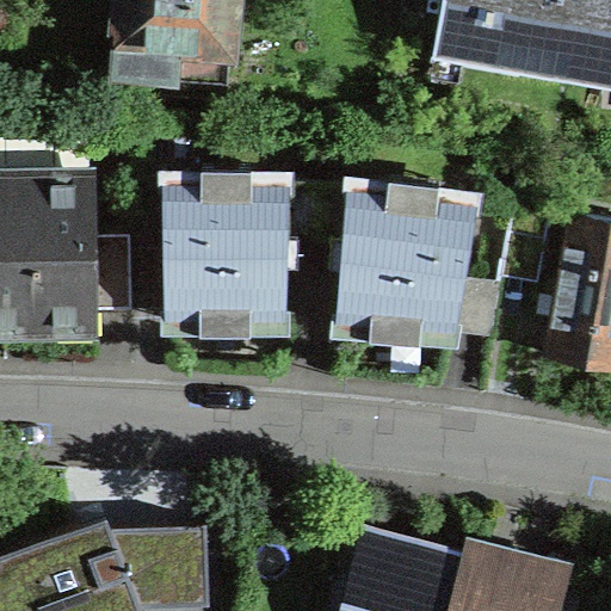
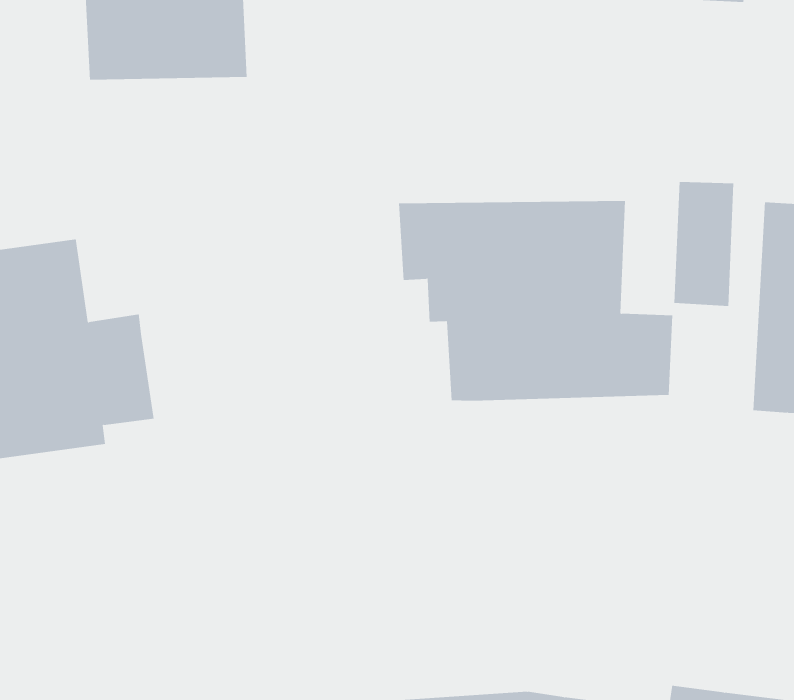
building: [130,183,319,325] -> none

